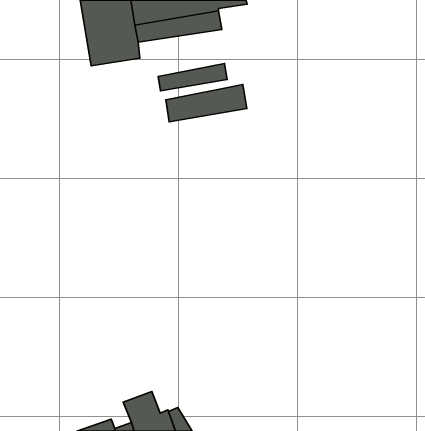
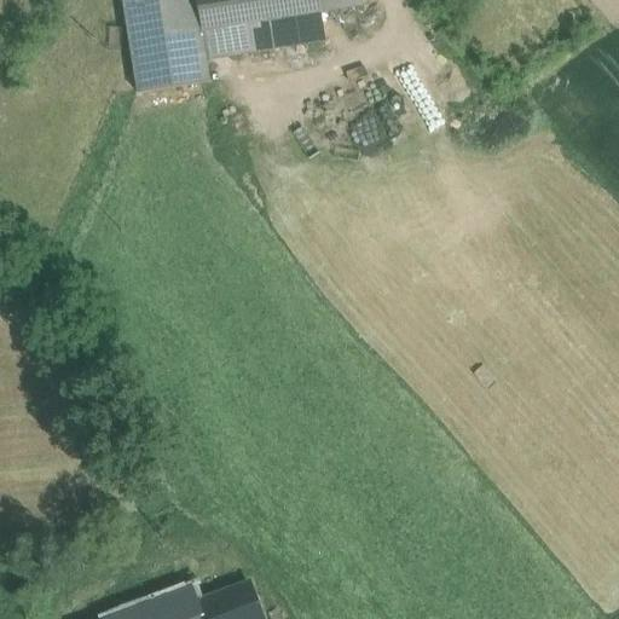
building: [158,64,227,91] -> none
building: [166,85,247,122] -> none

